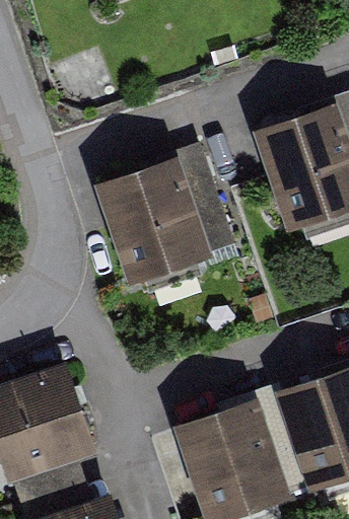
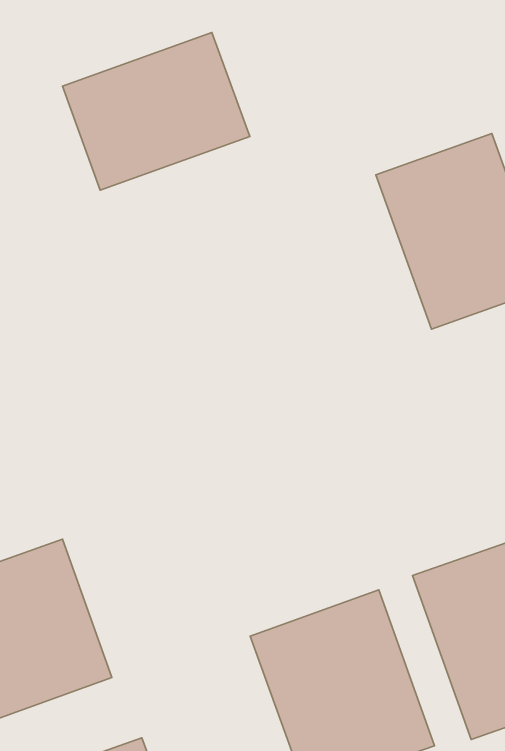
building: none -> [62,32,250,190]
building: [96,151,233,281] -> none

